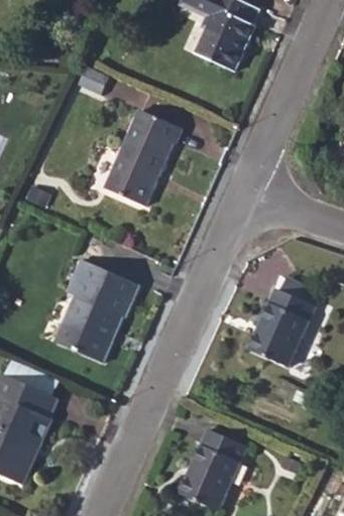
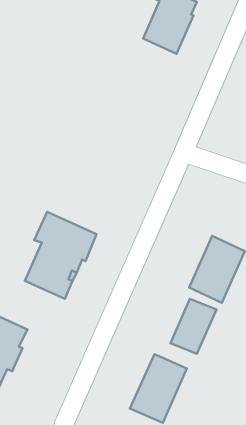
building: [105,111,181,205] -> none
building: none -> [170,299,216,354]

